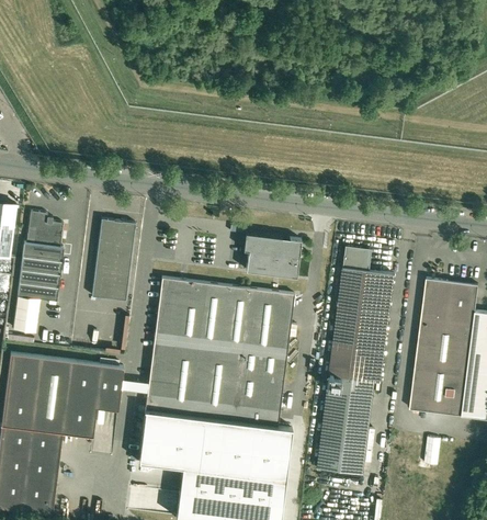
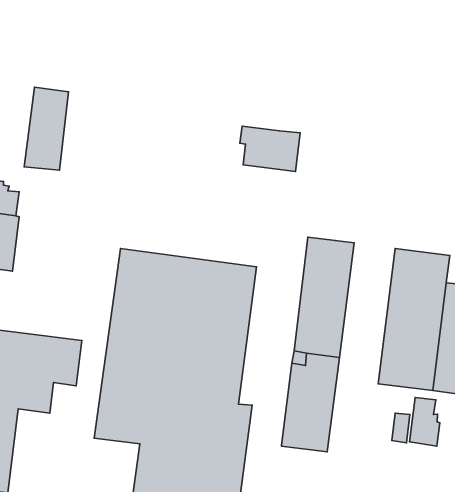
building: [92,221,135,301] -> [24,87,69,170]
building: [244,233,302,276] -> [240,126,300,172]
building: [342,246,371,270] -> none
building: none -> [410,398,440,446]

